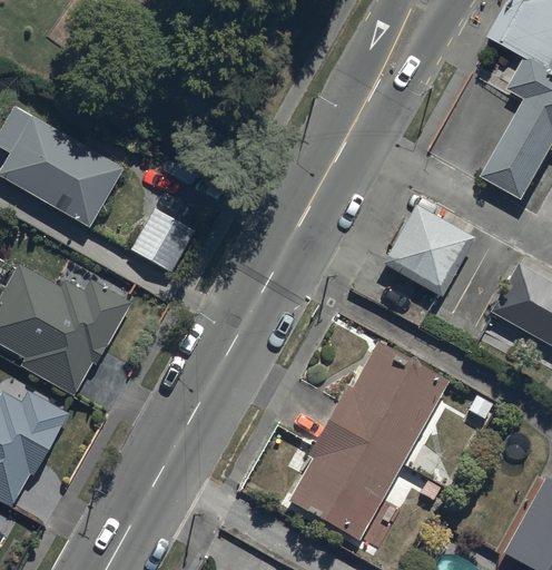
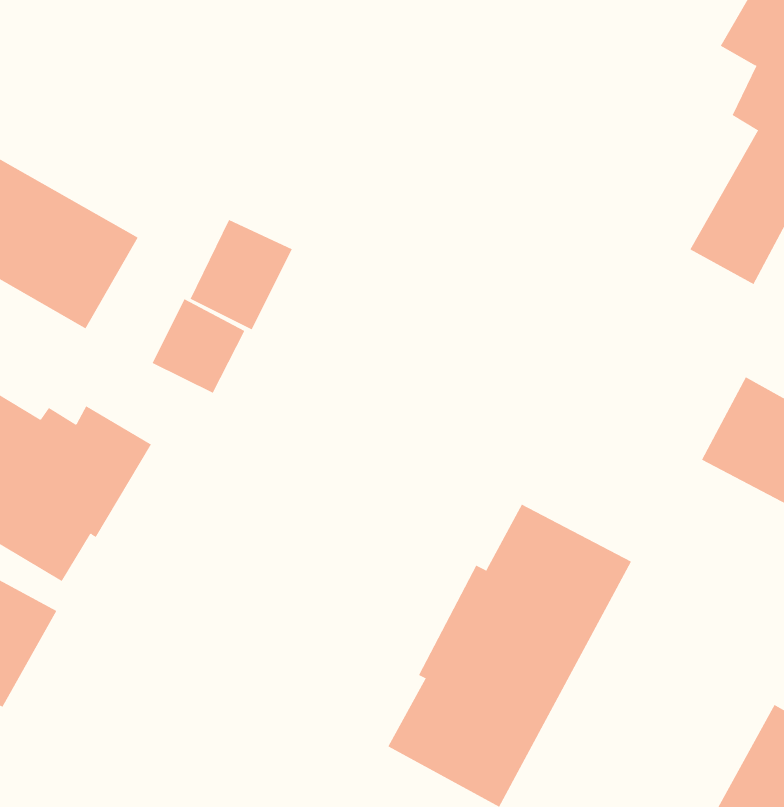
building: none -> [190,219,292,330]
building: [385,206,477,294] -> none

